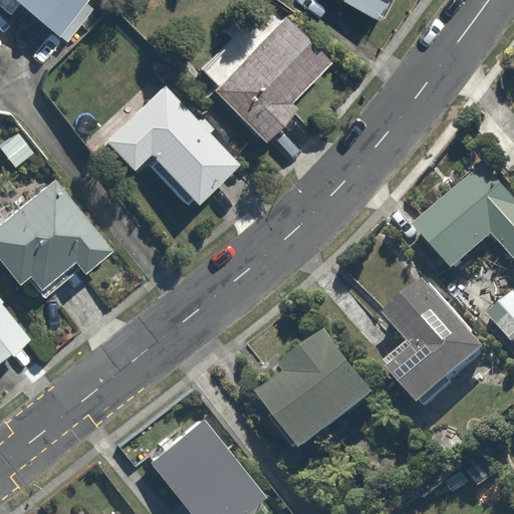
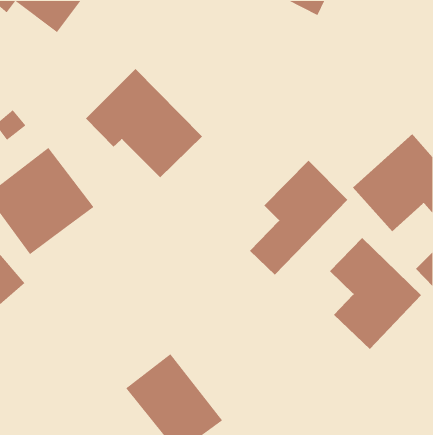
building: [196,17,325,142] -> none
building: none -> [249,160,348,276]
building: [264,338,384,459] -> none

